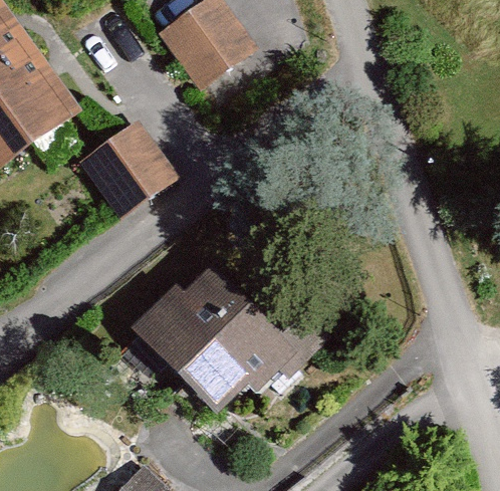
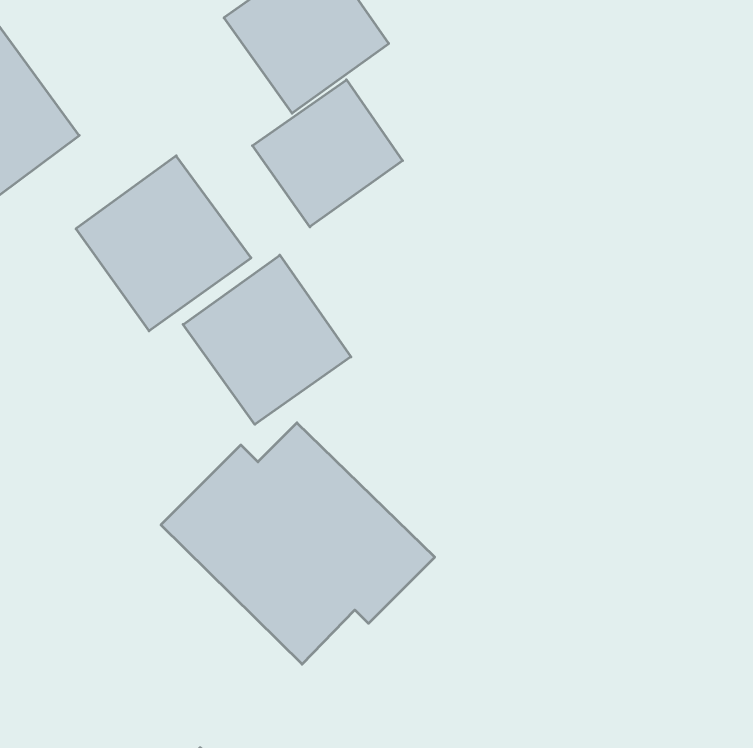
building: none -> [252,80,403,227]
building: none -> [183,255,351,424]

